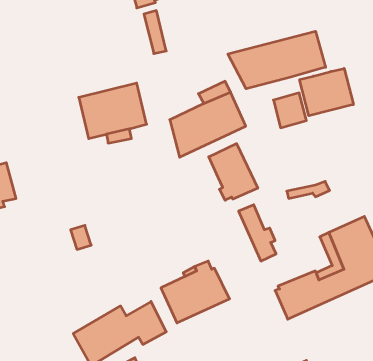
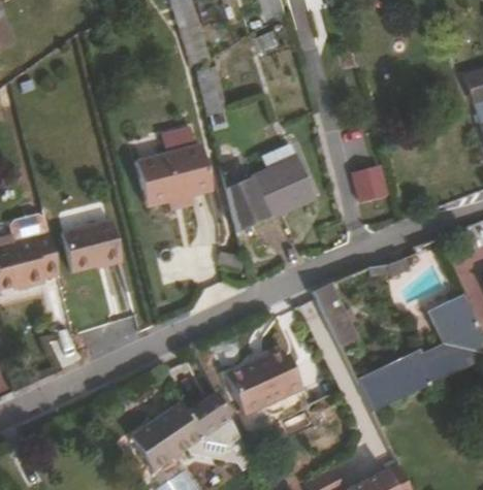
building: [228,31,326,89] -> none
building: [300,68,353,116] -> none
building: [209,144,258,200] -> none
building: none -> [58,220,121,274]

